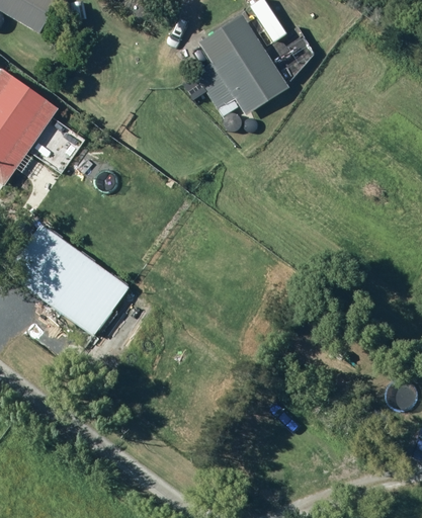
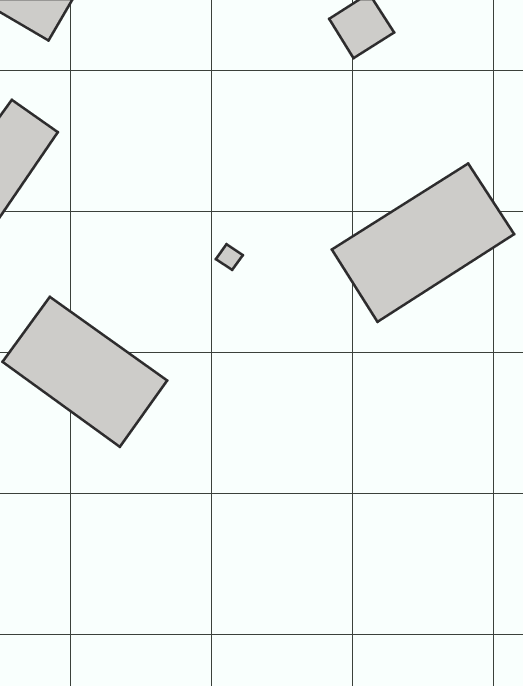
building: [182,14,289,116] -> none
building: none -> [332,163,514,322]

